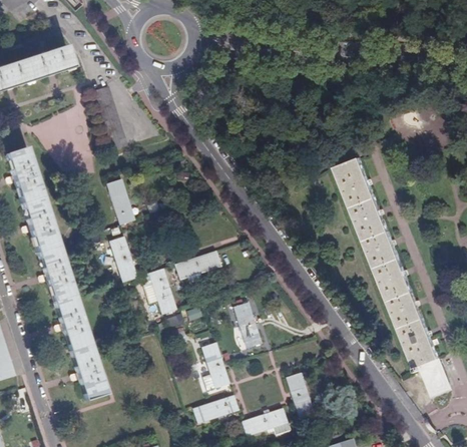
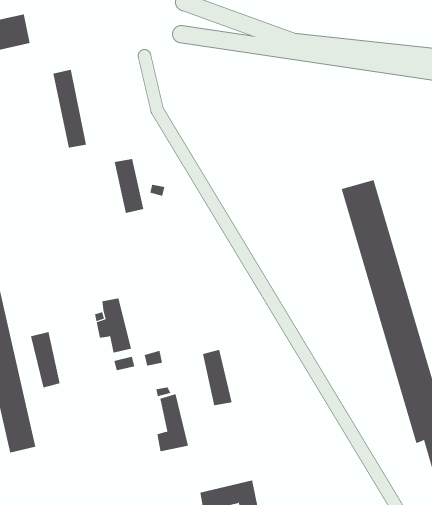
building: [105,180,133,226] -> [114,158,144,214]
building: [108,236,136,282] -> [30,332,61,388]
building: [175,252,220,280] -> none
building: [287,372,315,417] -> none
building: [192,394,239,422] -> none

